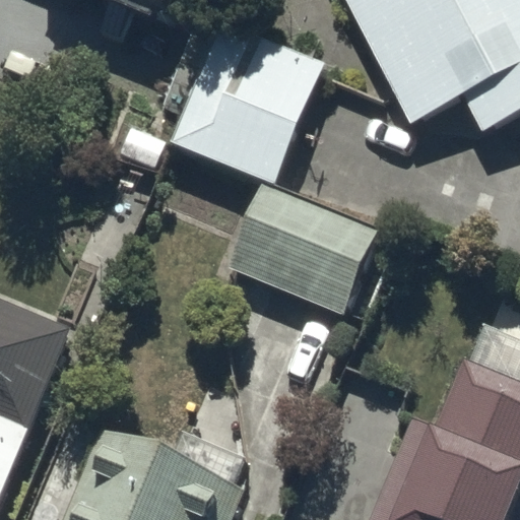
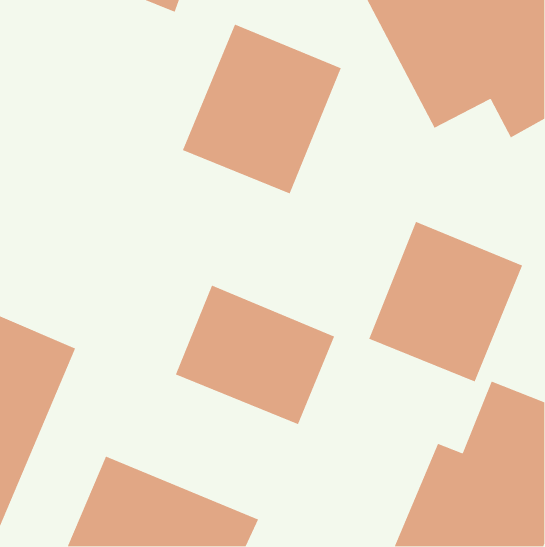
building: [226,183,378,316] -> [175,284,335,425]
building: none -> [368,221,523,383]

